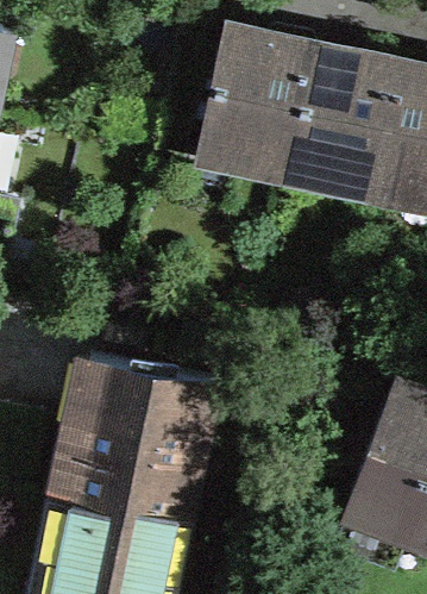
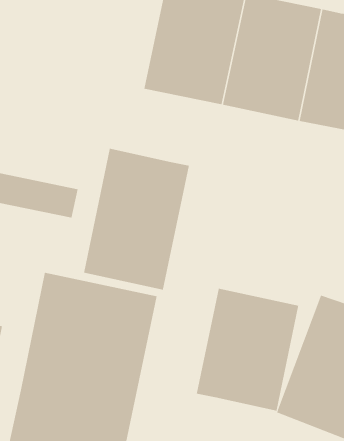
building: none -> [83,148,189,290]
building: none -> [196,288,299,411]

